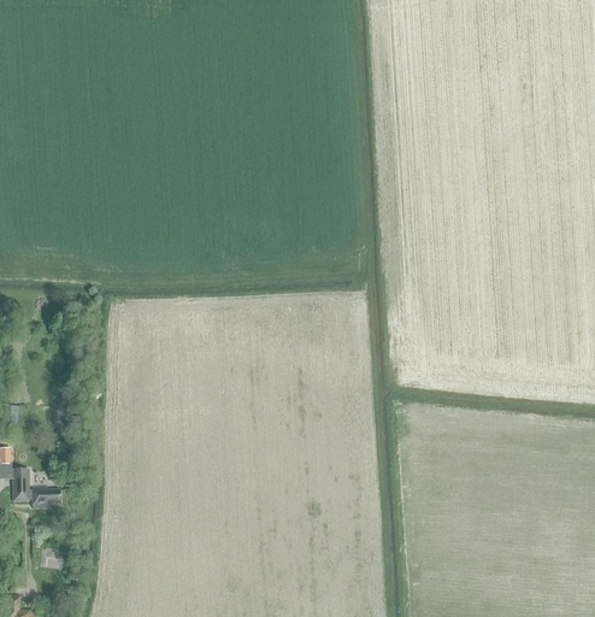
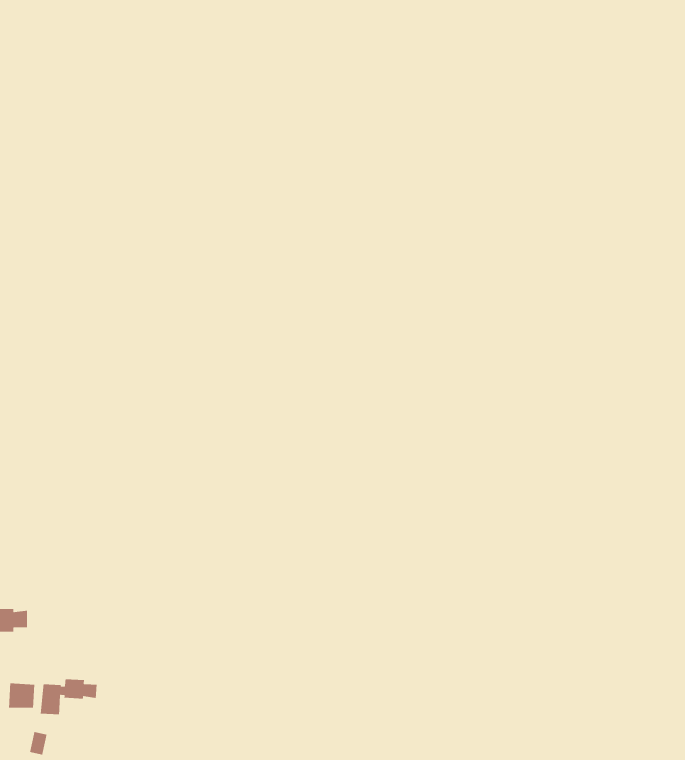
building: none -> [40,678,97,715]

